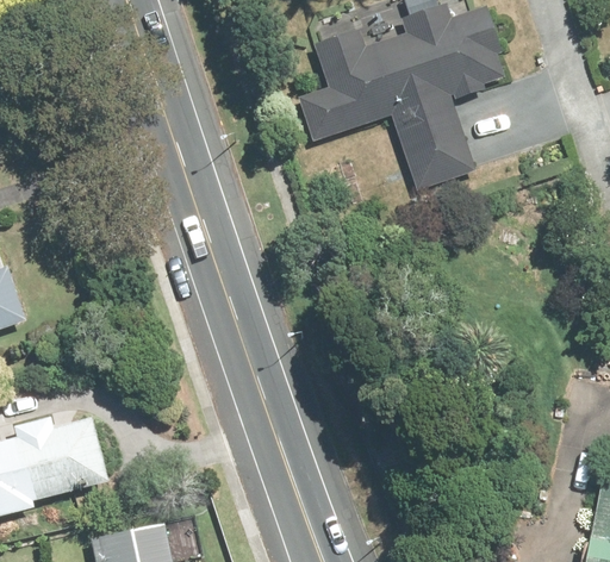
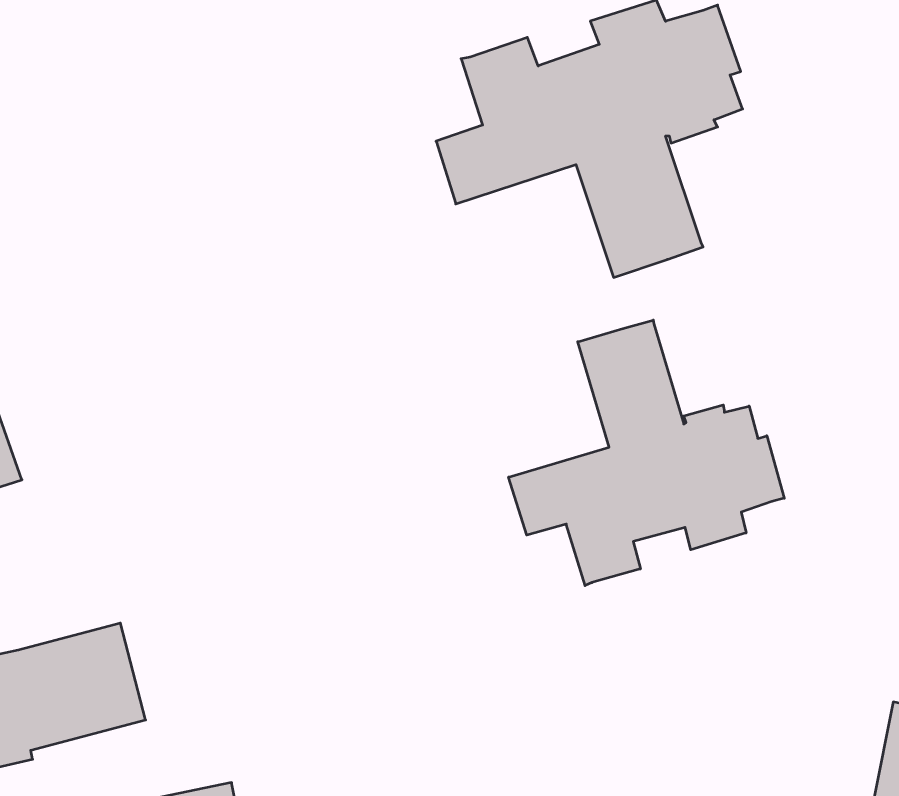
building: none -> [509,320,784,586]

